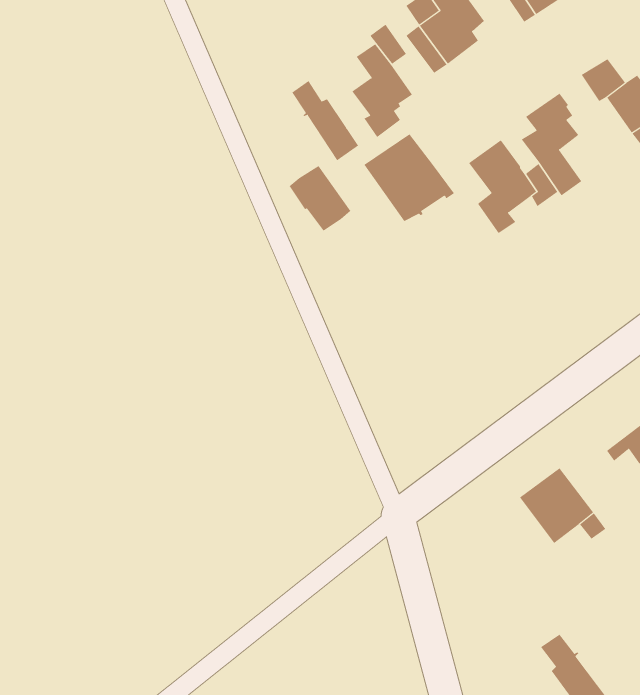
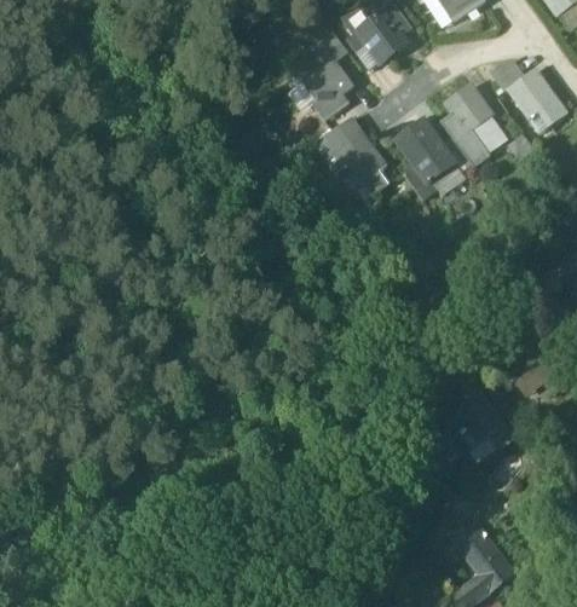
building: [292,80,360,161] -> none
building: [289,165,351,231] -> none

